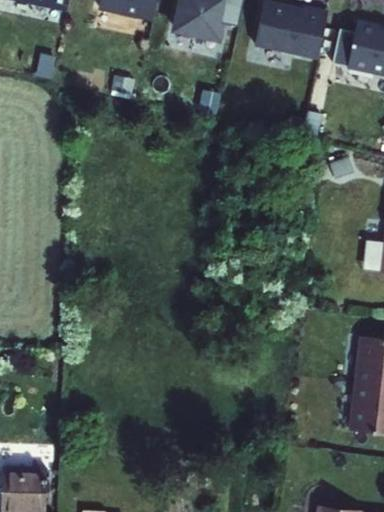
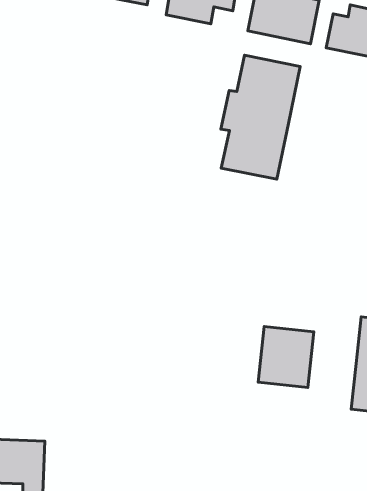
building: none -> [221,55,300,179]
building: none -> [258,327,314,387]

